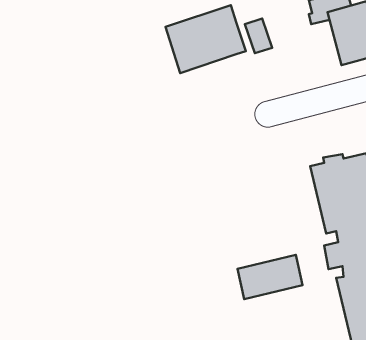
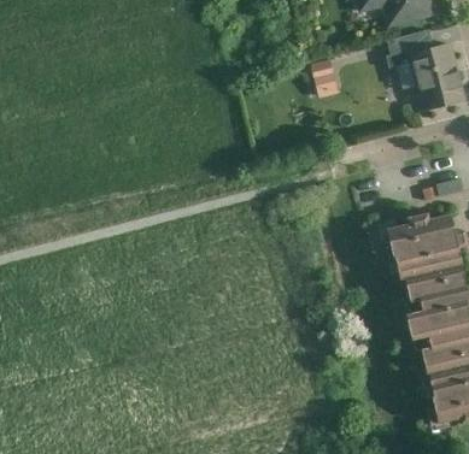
building: [165,5,246,73] -> none
building: [237,255,303,299] -> none

